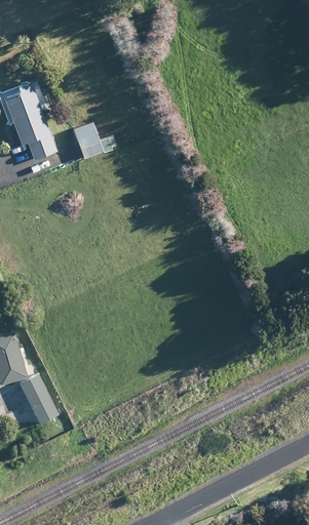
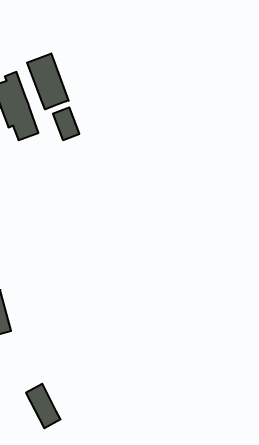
building: none -> [27,53,69,109]
building: [20,374,59,425] -> [26,384,61,428]

